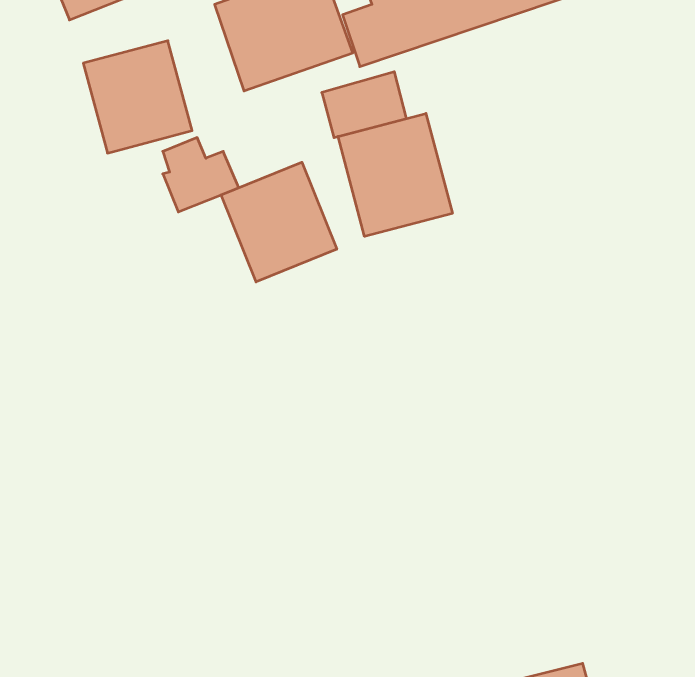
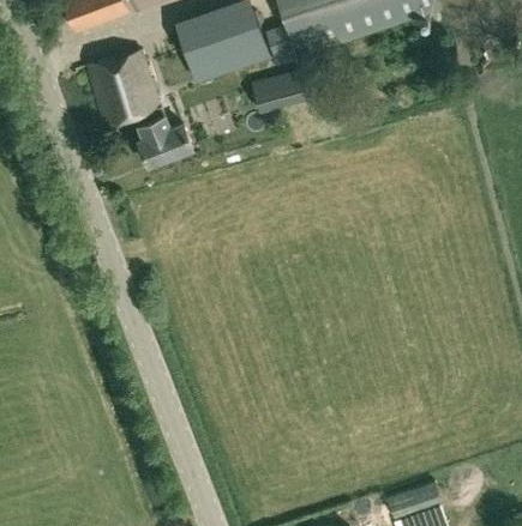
building: [338,113,452,236] -> none
building: [221,162,337,282] -> none

